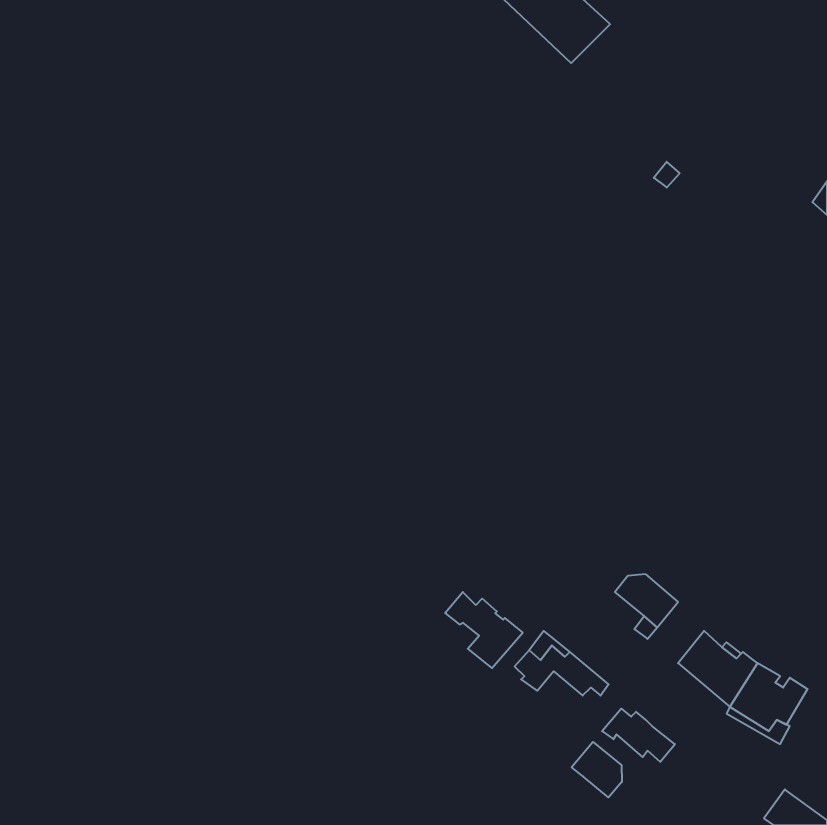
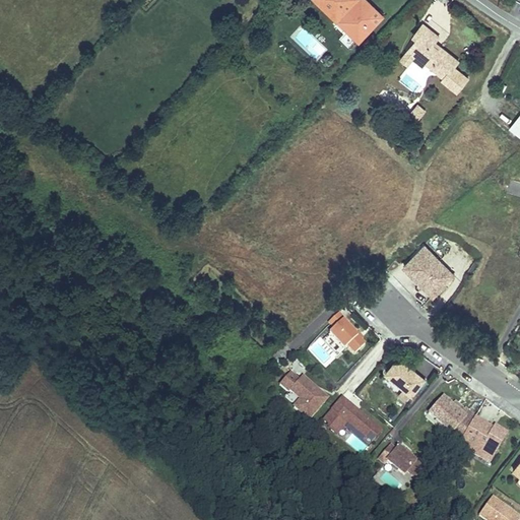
building: none -> [401,21,468,90]
building: none -> [403,241,457,295]
building: none -> [329,312,366,352]
building: [572,742,622,797] -> none

